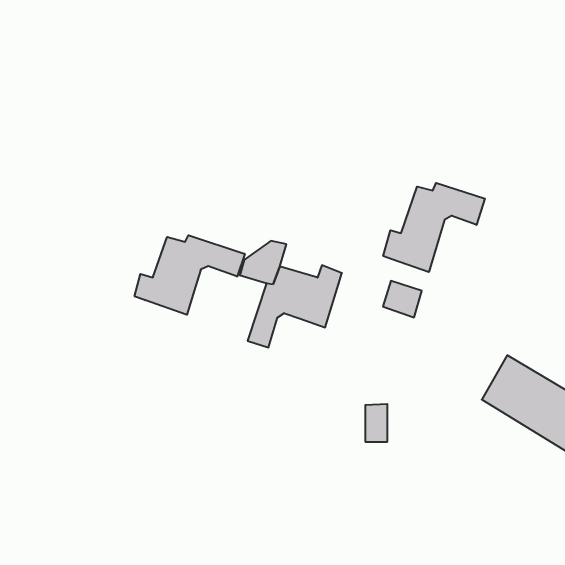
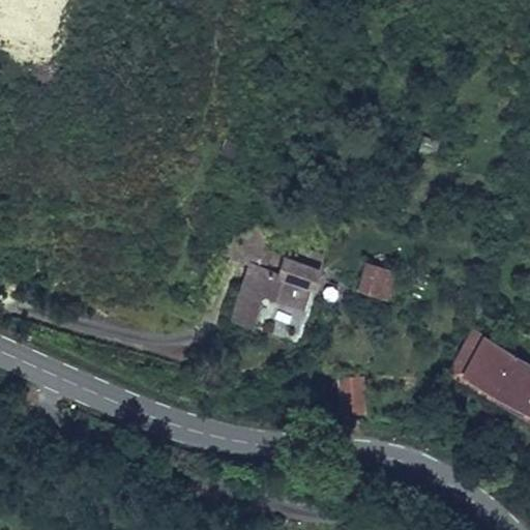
building: [383,183,485,272] -> none
building: [135,235,245,315] -> none

